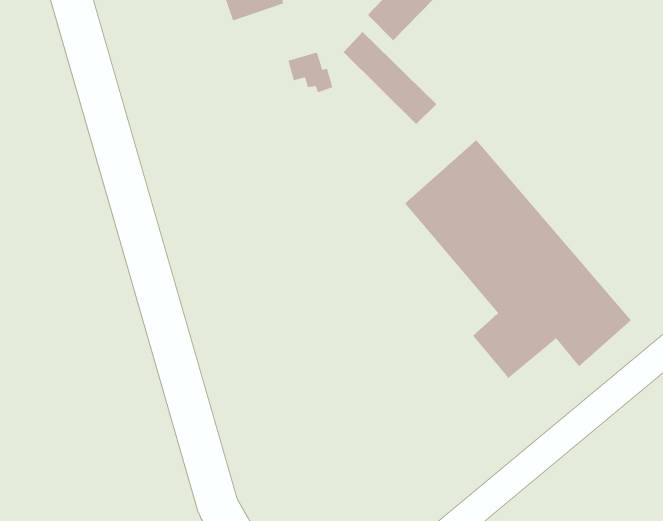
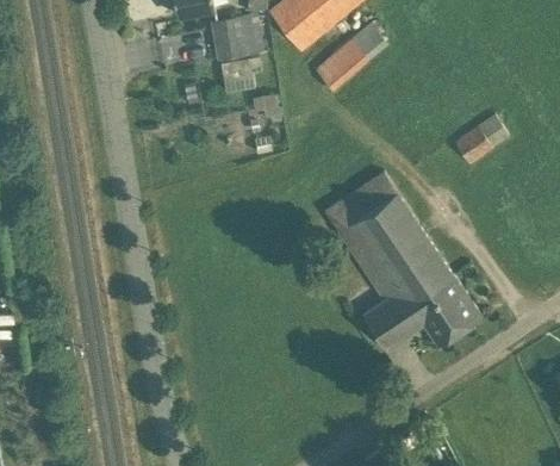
building: [343,31,437,125] -> none
building: none -> [455,112,509,162]

